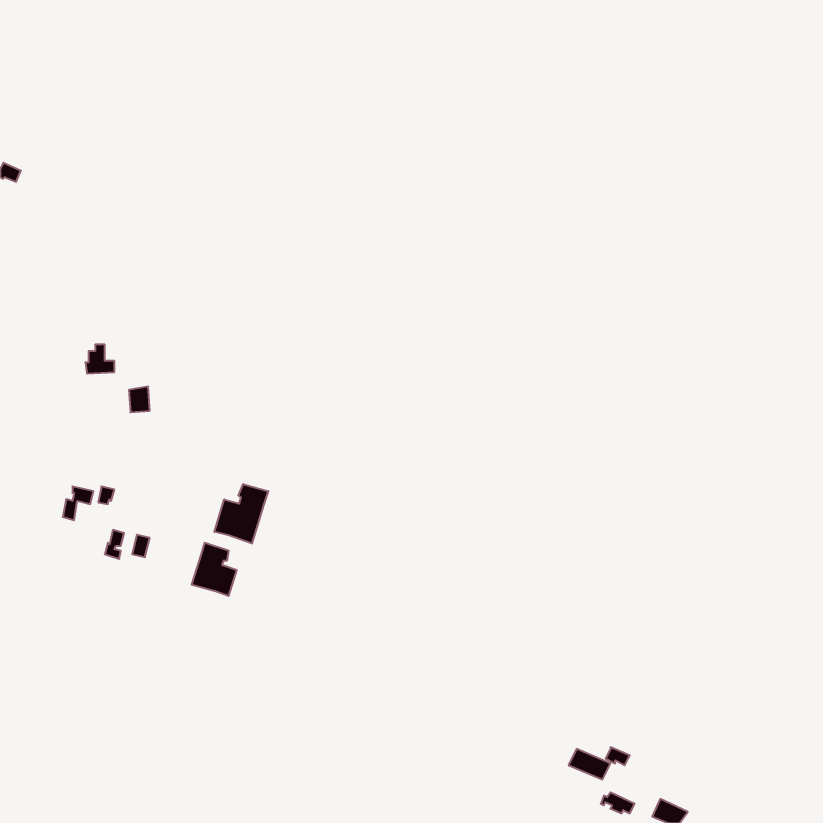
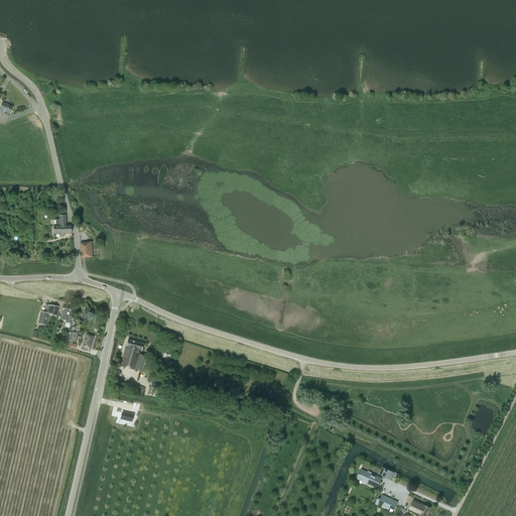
building: [214,484,268,544] -> none

